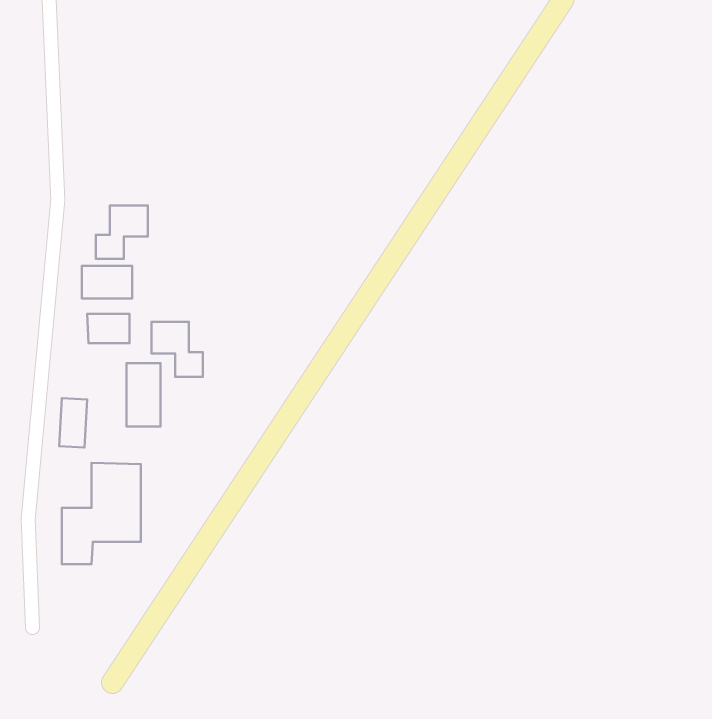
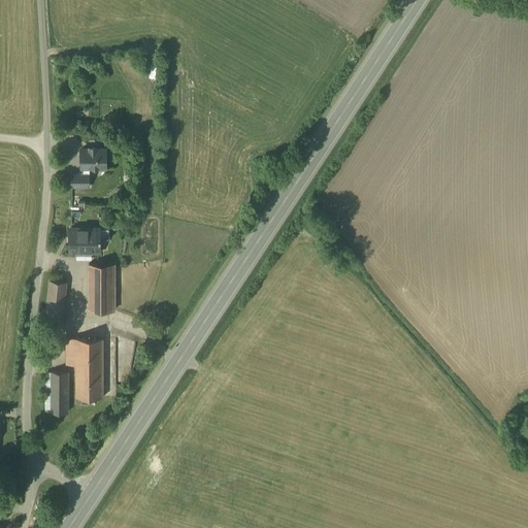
building: [82,266,132,298] -> none
building: [152,322,203,377] -> none

